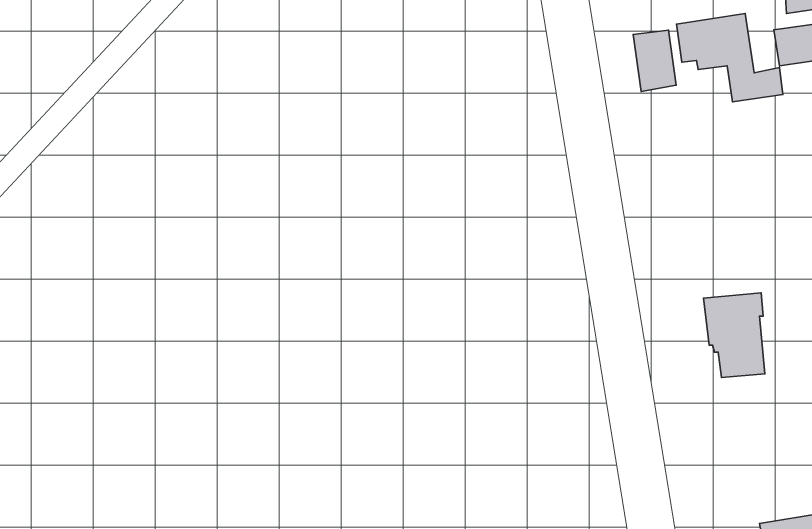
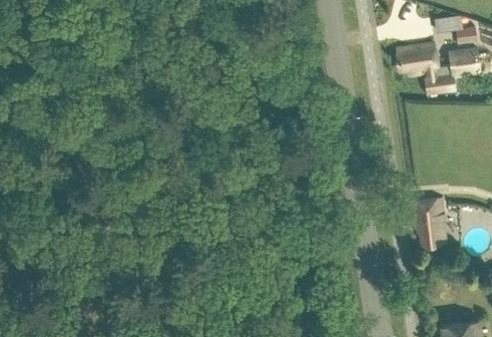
building: [633,30,676,91] -> none

